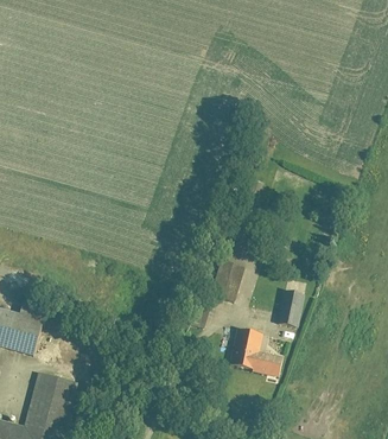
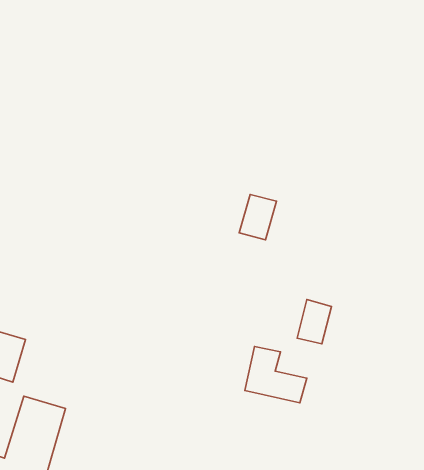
building: [214,259,246,298] -> [239,194,276,240]

